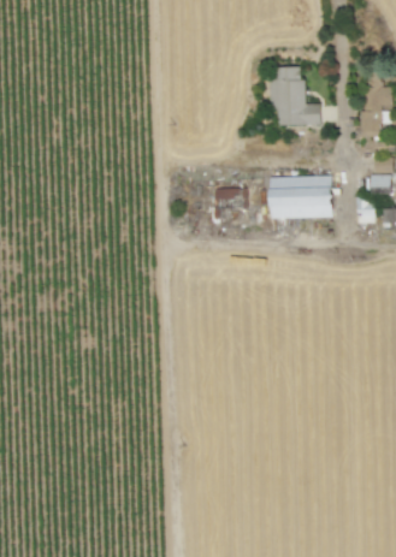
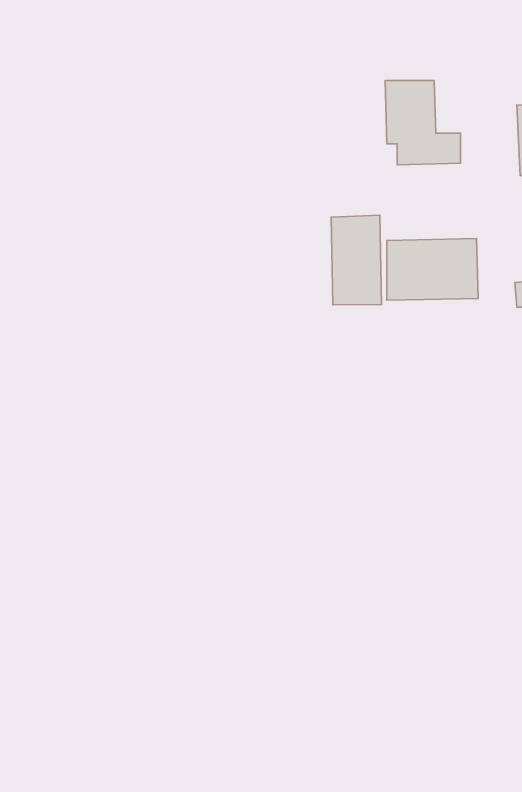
building: none -> [331,215,382,305]

